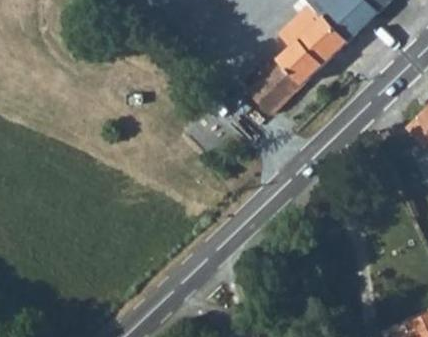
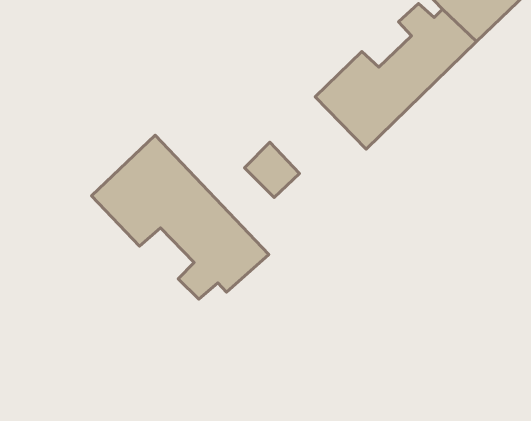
building: none -> [92,135,269,299]

